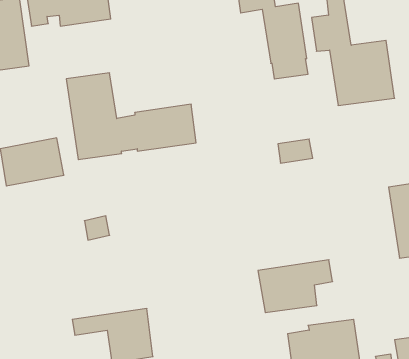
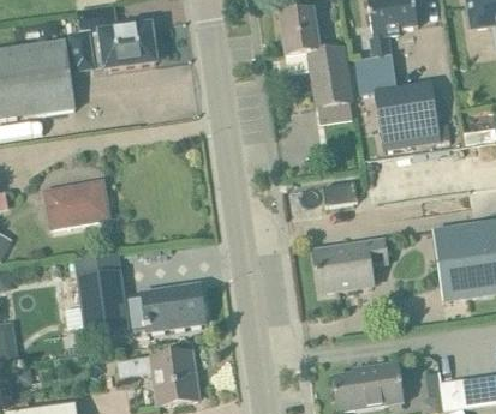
building: [66,73,196,160] -> [74,252,204,338]
building: [258,260,333,313] -> [313,239,388,292]

